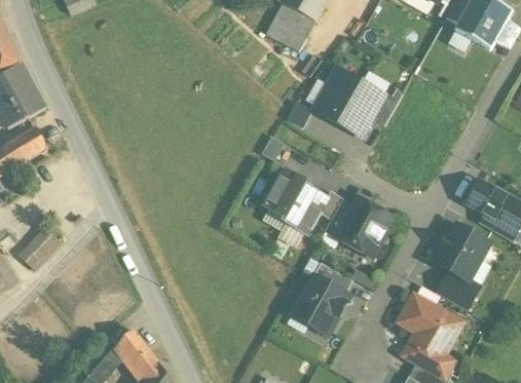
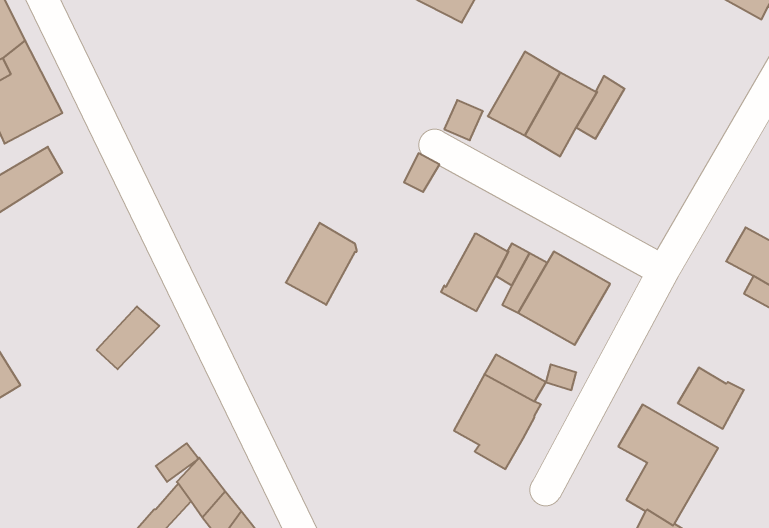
building: [263,167,308,220] -> [286,223,357,305]
building: [435,224,489,281] -> none
building: [21,229,61,269] -> [97,306,159,369]

